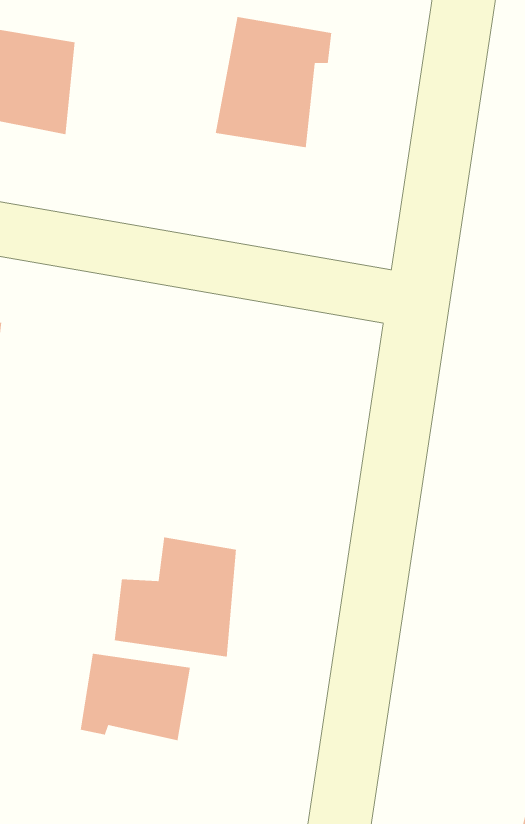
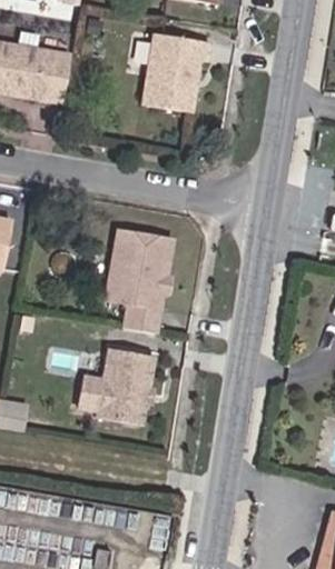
building: none -> [108,229,175,333]
building: [80,653,191,741] -> none

